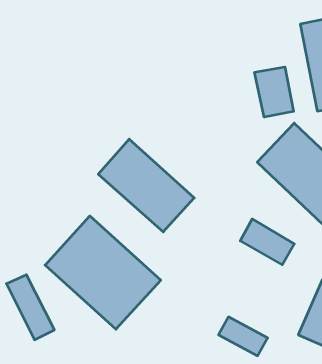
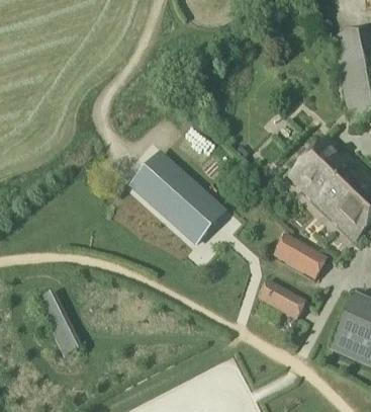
building: [255,67,294,117] -> none
building: [45,216,161,329] -> none
building: [219,317,268,356] -> [255,277,304,317]

